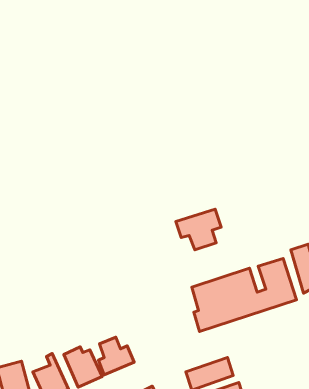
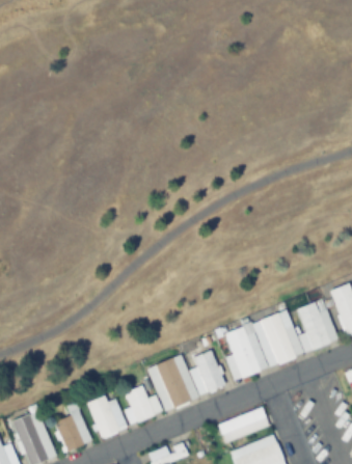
building: [176,209,221,250] -> none
building: none -> [189,349,225,395]
building: none -> [148,357,193,410]

